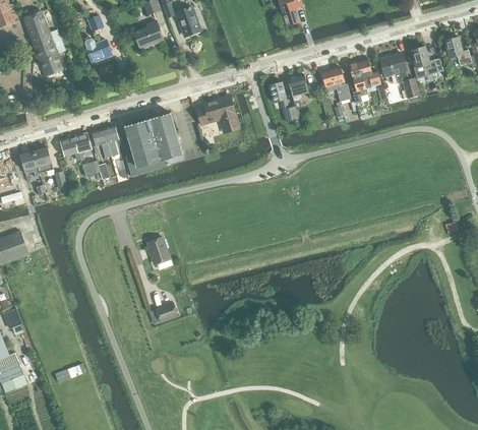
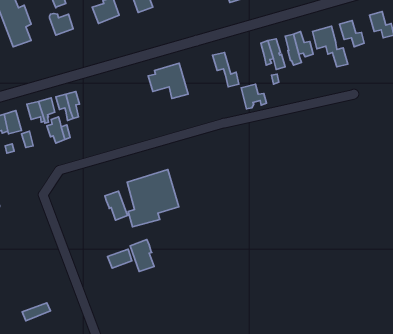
building: [287,73,315,101] -> [241,84,266,109]
building: [124,112,182,176] -> [127,170,179,227]
building: none -> [130,239,154,271]

